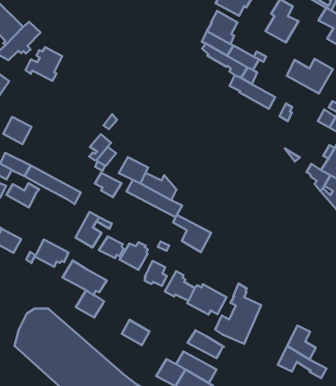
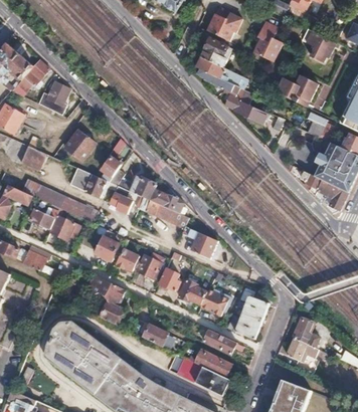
building: none -> [65,131,96,160]
building: none -> [70,169,107,198]
building: [35,240,68,267] -> [49,215,79,239]

